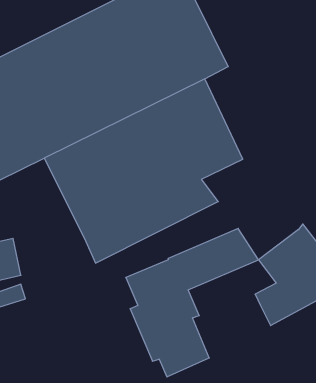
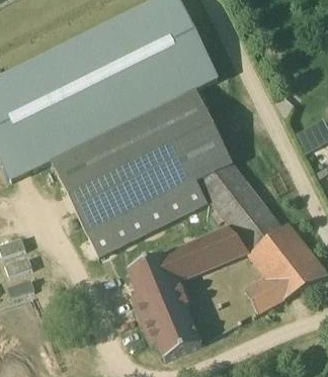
building: none -> [194,162,282,253]

